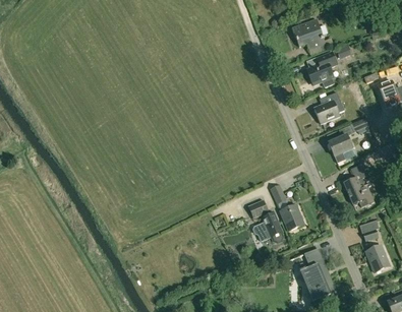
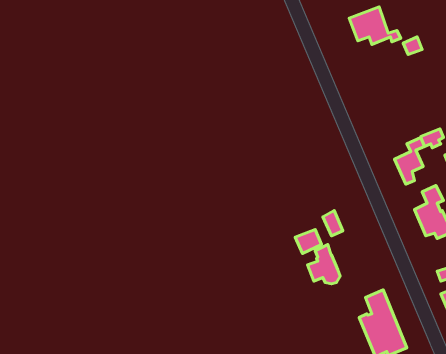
building: [306,52,337,84] -> none
building: [313,91,344,124] -> none
building: [280,204,304,231] -> none

